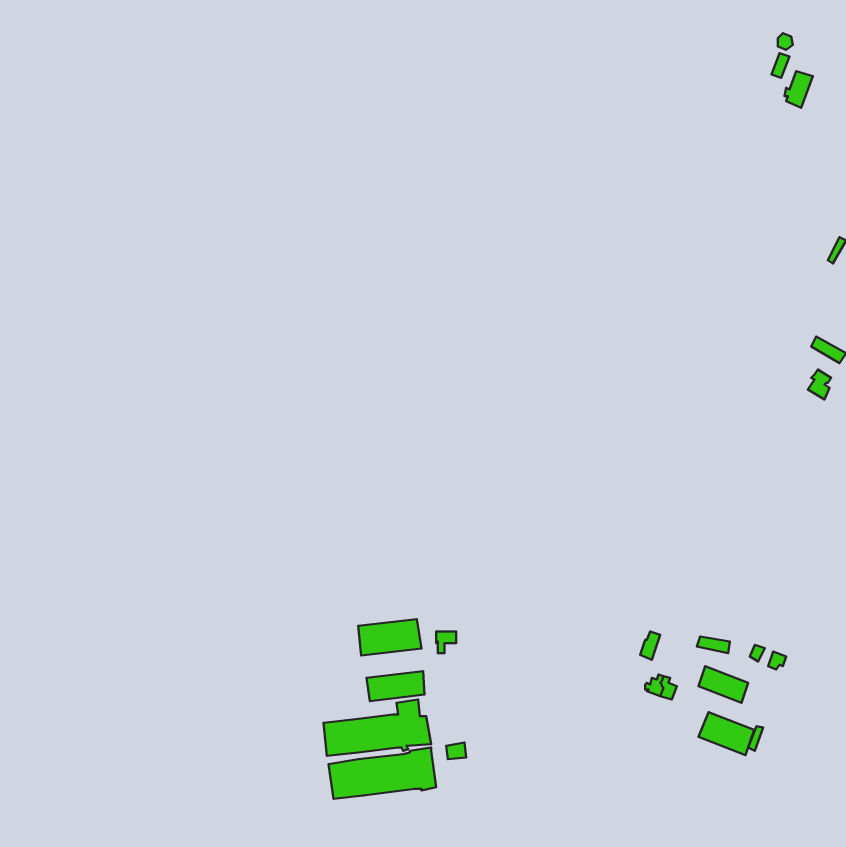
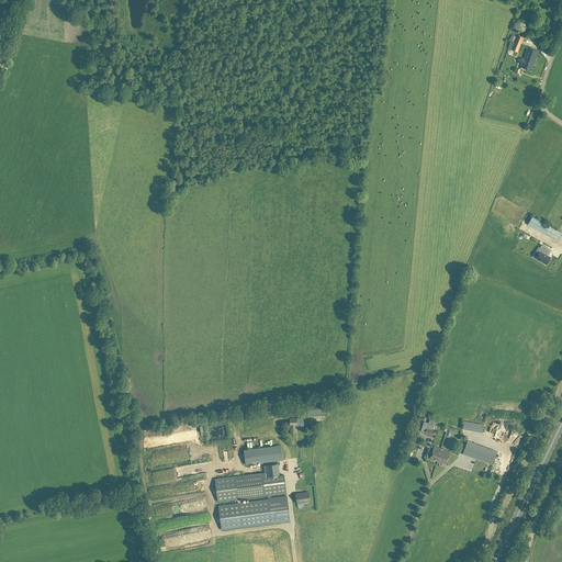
building: [358,619,421,656] -> none
building: [698,712,754,755] -> none

